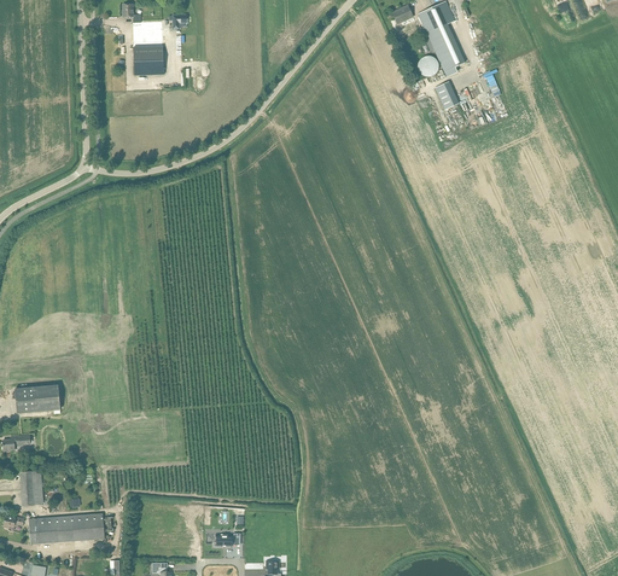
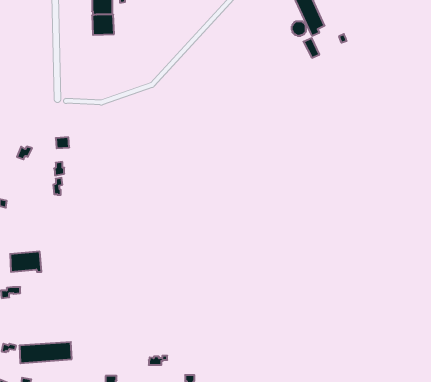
building: [19,464,43,505] -> none

